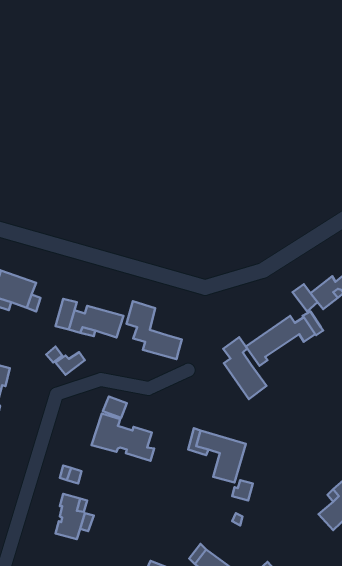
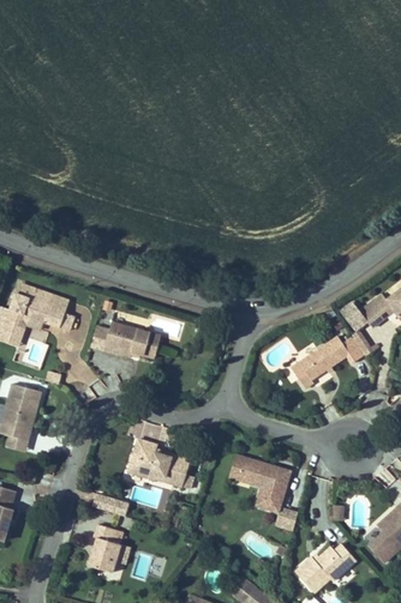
building: [127,301,182,359] -> none
building: [223,337,267,399] -> none
building: none -> [295,539,355,592]

